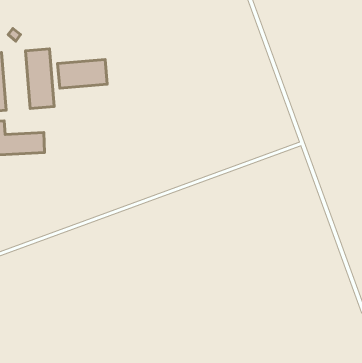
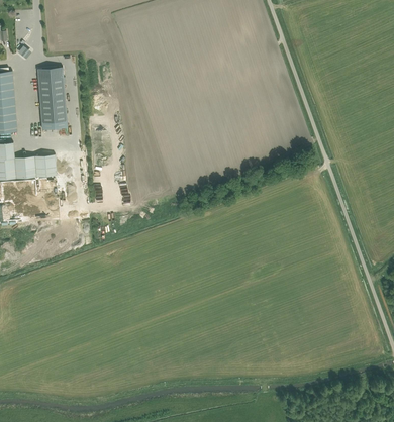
building: [58,59,107,88] -> none

